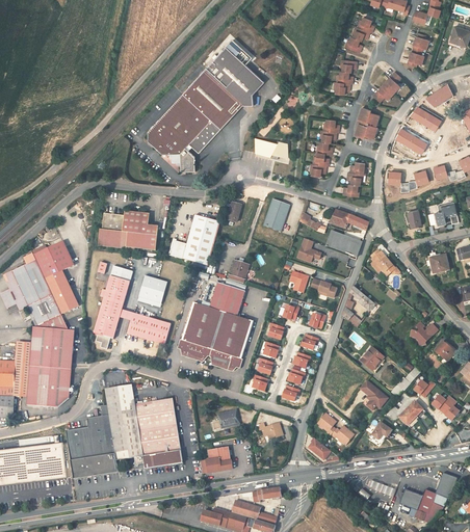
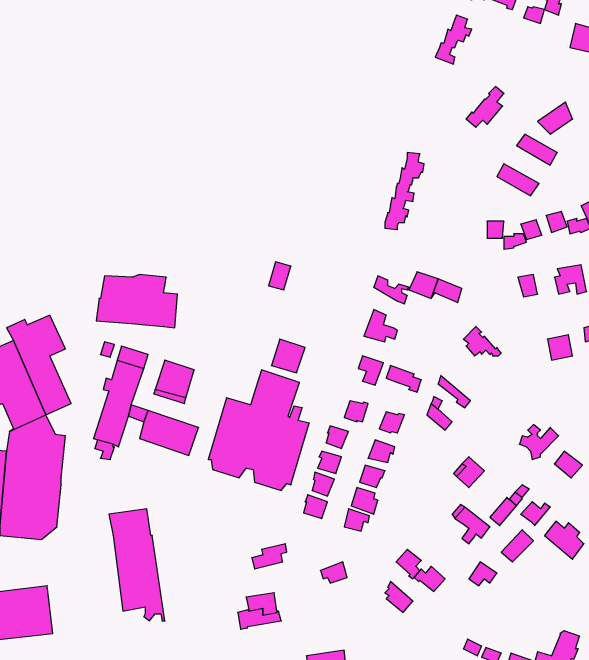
building: [408,34,429,69] -> none
building: [147,48,263,170] -> none
building: [338,62,360,98] -> none
building: [357,110,382,141] -> none
building: [253,138,286,158] -> none
building: [344,162,367,196] -> none
building: [262,198,290,231] -> none
building: [167,214,219,266] -> none
building: [324,231,361,257] -> none
building: [138,398,183,468] -> none
building: [66,404,118,479] -> none

